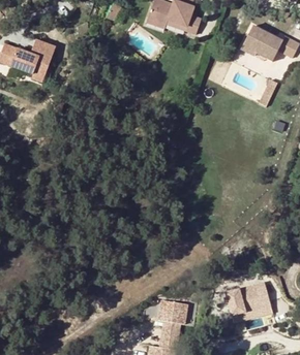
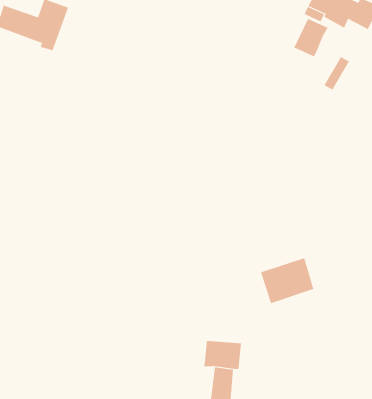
building: none -> [293,18,328,57]
building: [231,282,273,318] -> [260,258,314,304]

